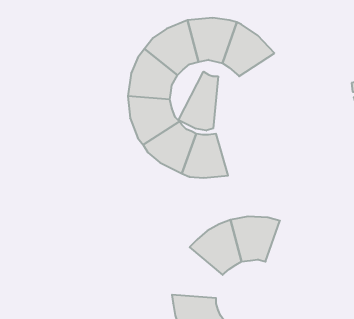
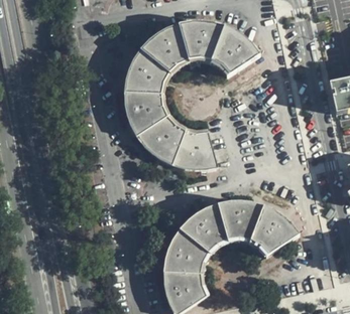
building: [178,72,218,131] -> none
building: none -> [250,205,301,257]
building: none -> [164,229,211,276]

